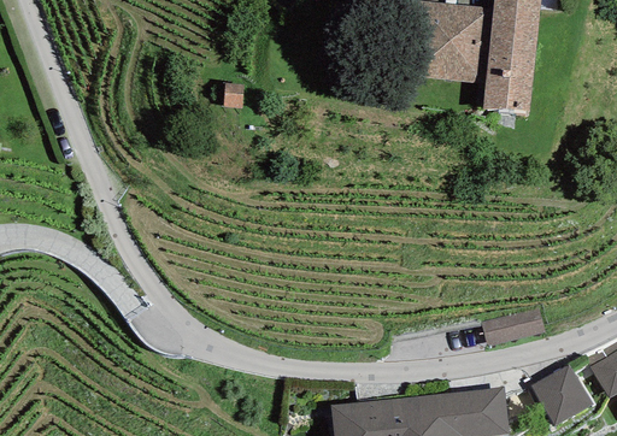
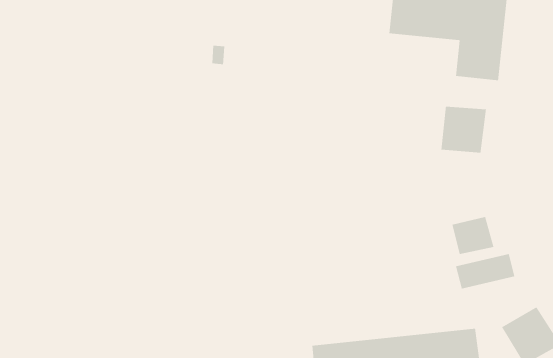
building: none -> [441,106,486,154]
building: none -> [452,216,494,255]

